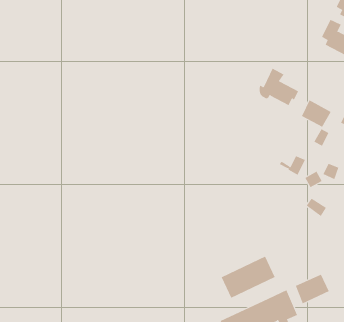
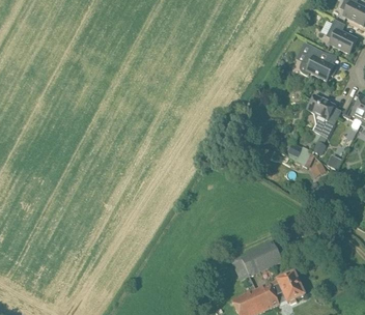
building: [259,68,299,106] -> [300,45,337,80]
building: [295,274,330,304] -> none

